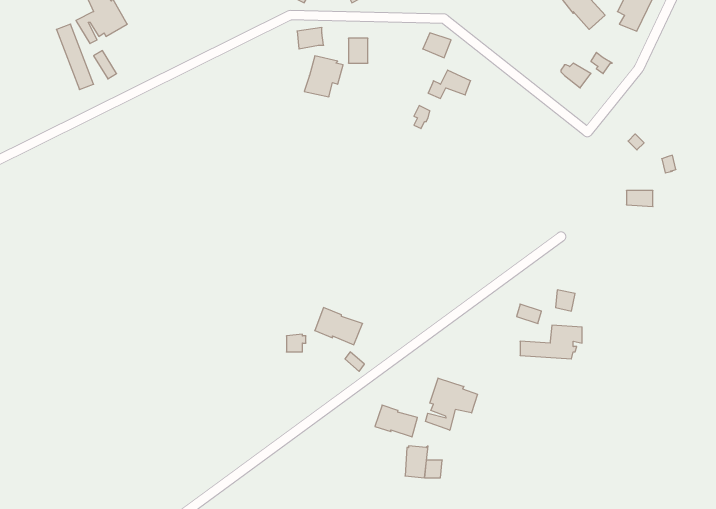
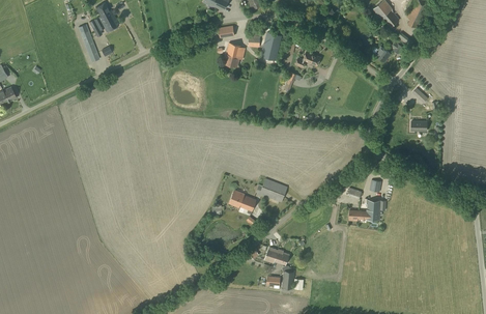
building: none -> [261,32,282,61]
building: none -> [256,178,287,202]
building: [426,378,477,430] -> none

